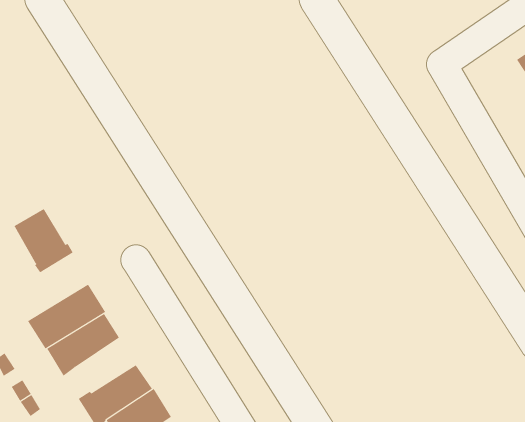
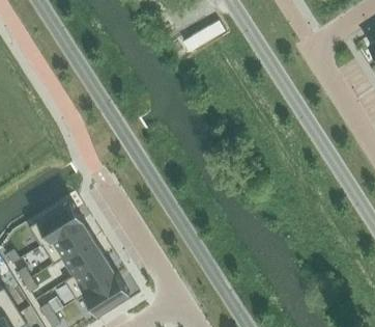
building: [13,208,74,273] -> none
building: none -> [62,240,105,278]

